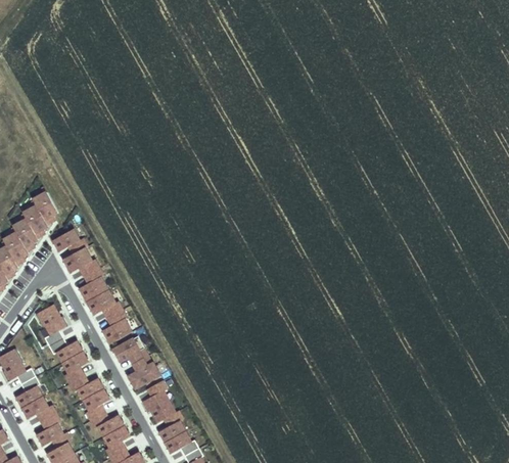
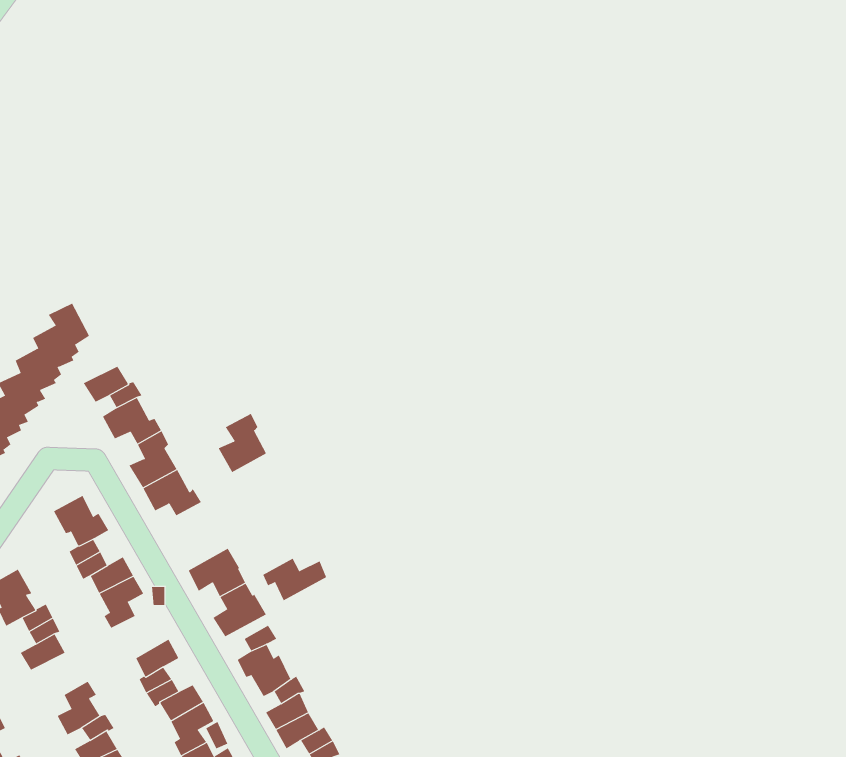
building: [102,310,131,344] -> [218,413,267,473]
building: none -> [262,558,327,601]
building: [68,376,102,401] -> none
building: [21,398,55,422] -> none

